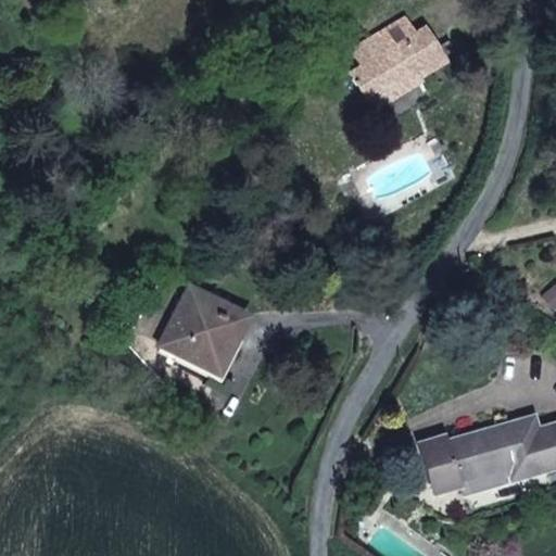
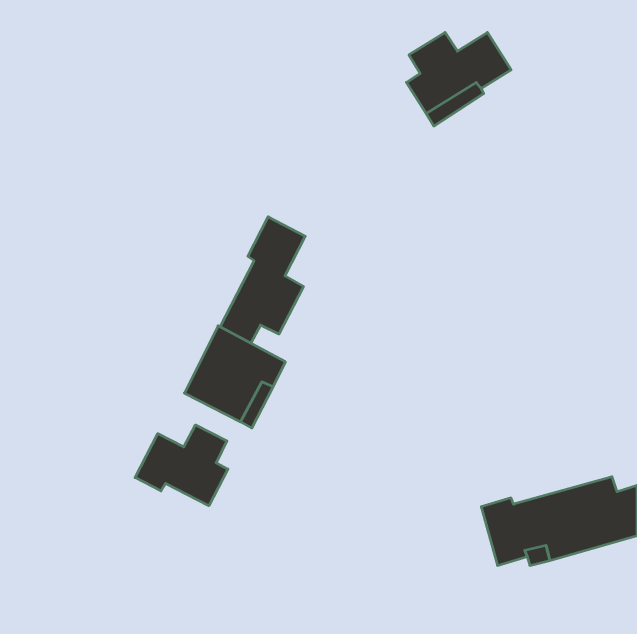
building: none -> [220,217,305,343]
building: none -> [135,425,228,506]

